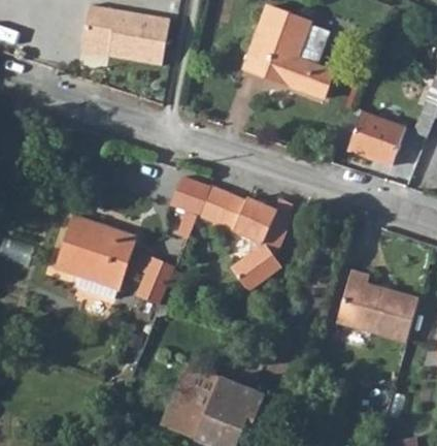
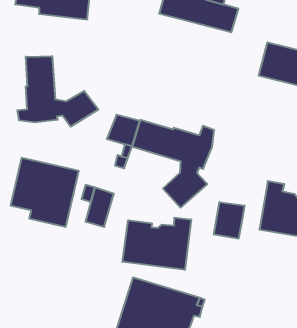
building: none -> [18,56,98,127]
building: none -> [214,202,245,239]
building: none -> [122,218,191,270]

